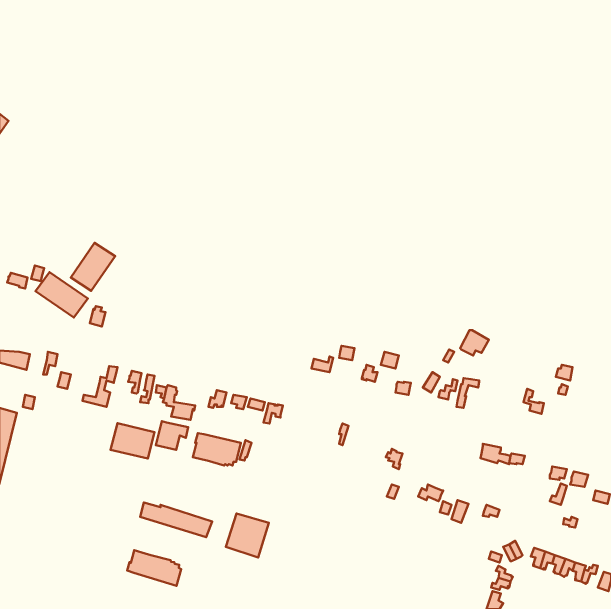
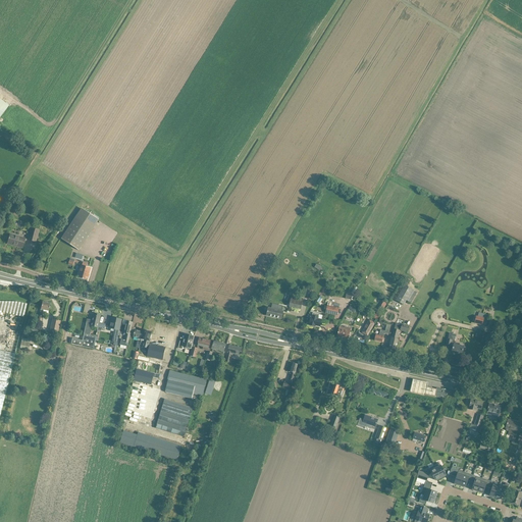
building: [35,272,88,318] -> none
building: [110,423,155,459] -> none
building: [226,513,269,558] -> [155,398,192,435]
building: [127,550,181,586] -> none

